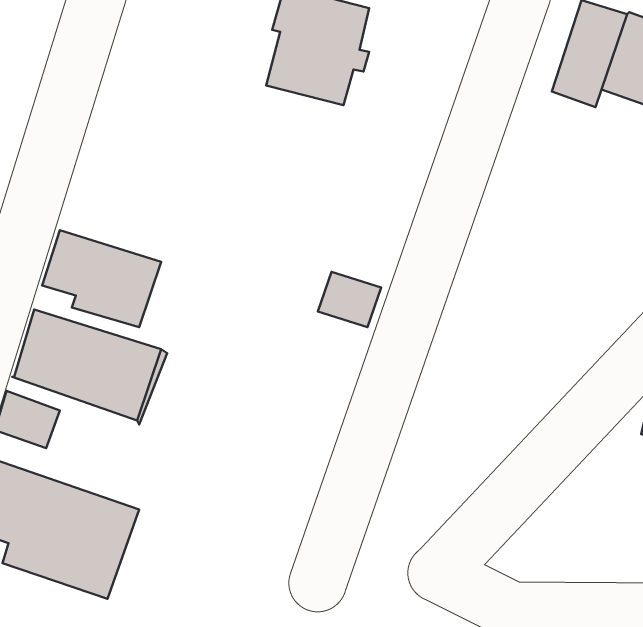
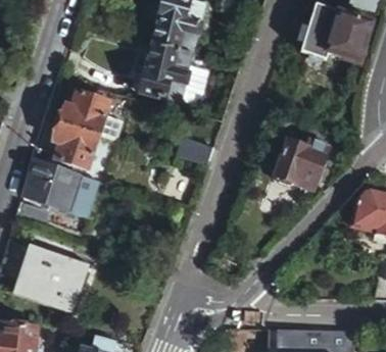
building: none -> [133,46,194,103]
building: none -> [47,92,122,142]
building: none -> [269,137,326,190]

